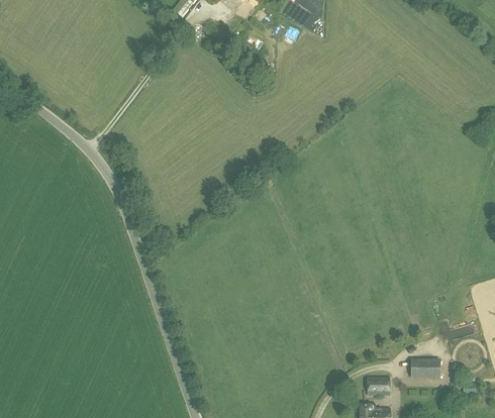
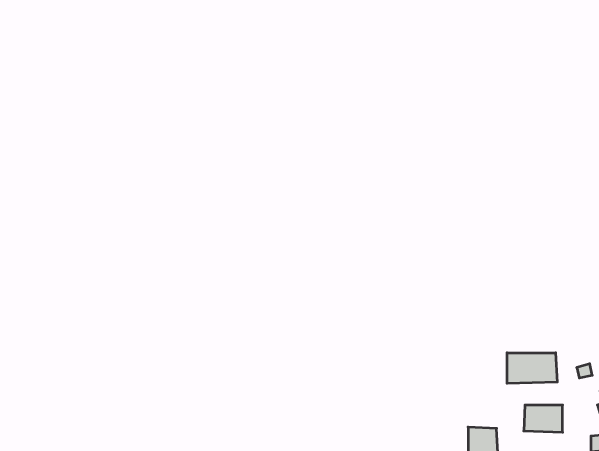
building: none -> [507,353,557,383]

